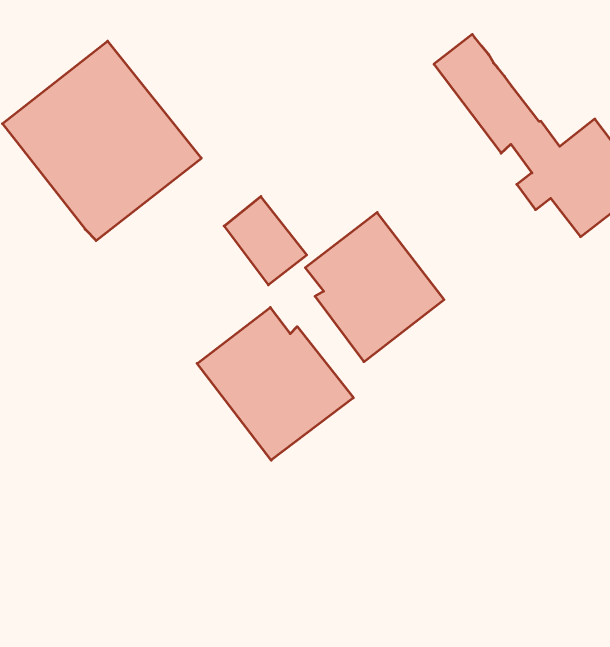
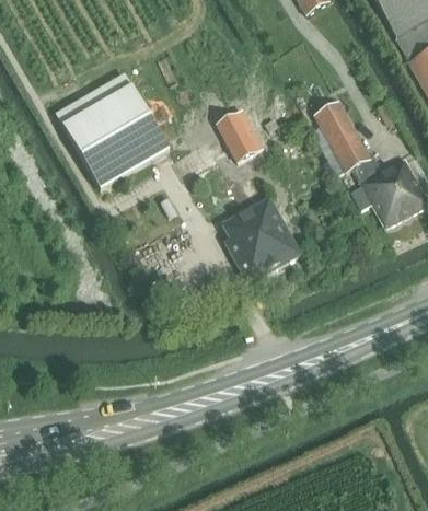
building: [224,196,307,285] -> [216,108,262,161]
building: [197,307,353,460] -> none

